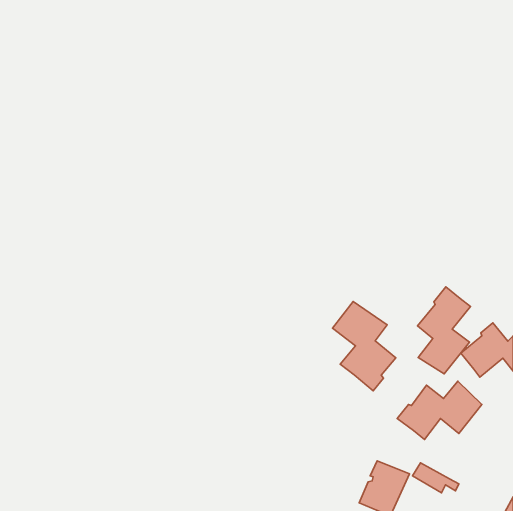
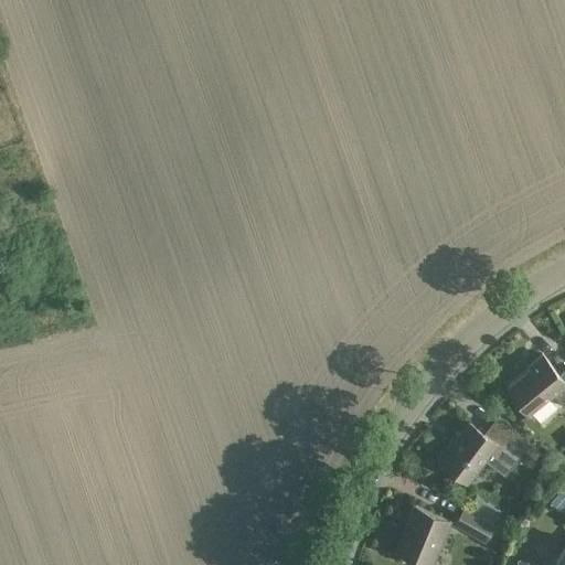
building: [418,287,470,374] -> none
building: [332,302,396,391] -> none

